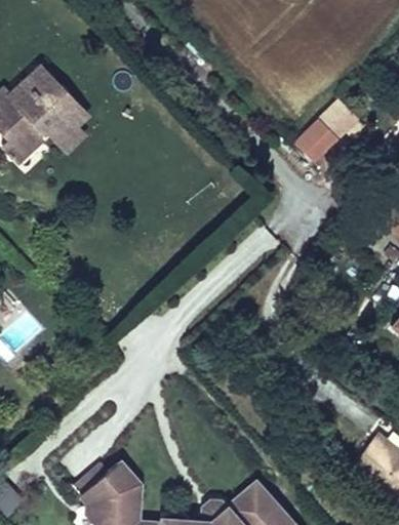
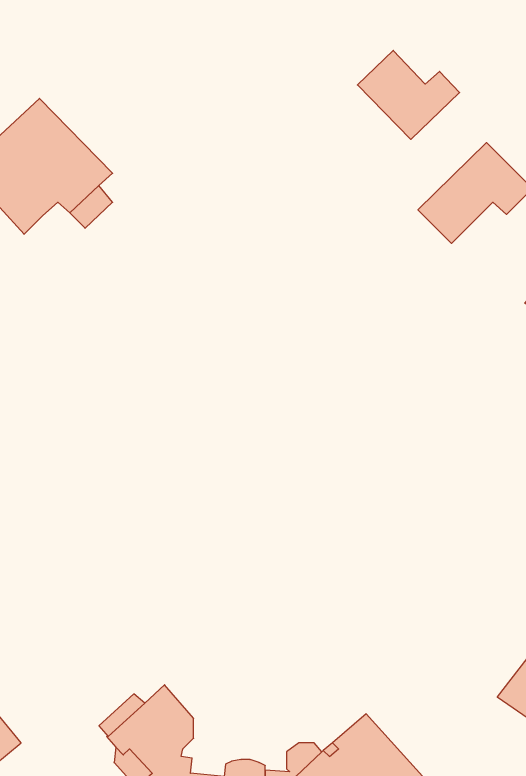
building: none -> [357,50,460,139]

